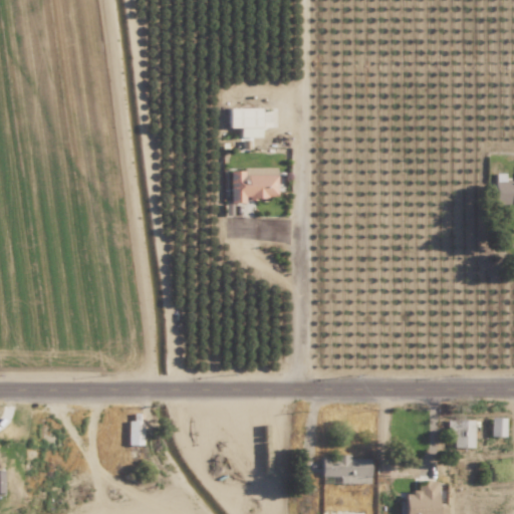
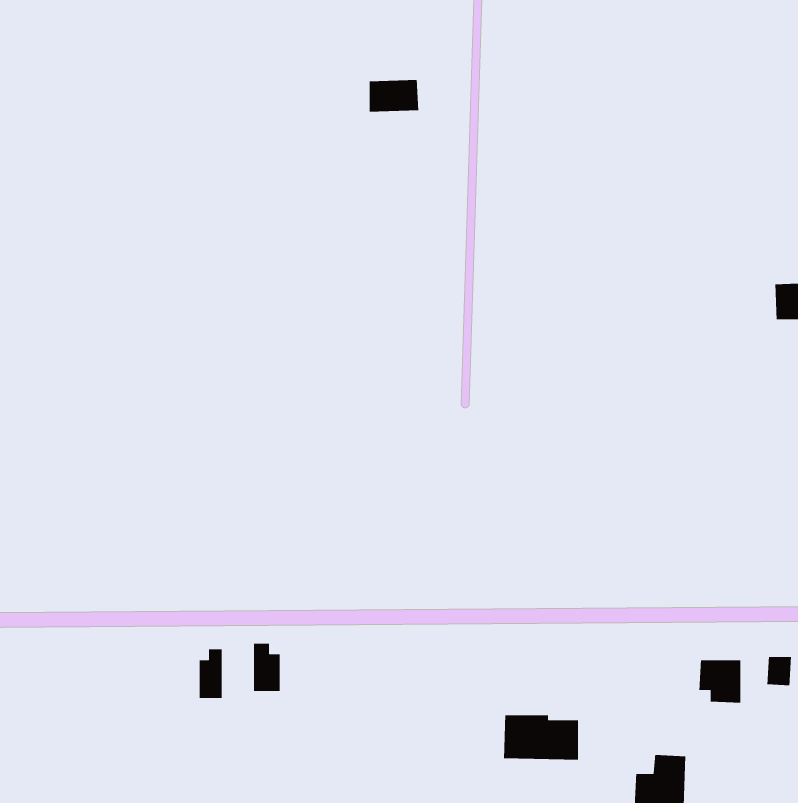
building: [232,108,264,130] -> [369,79,419,112]
building: [234,170,280,204] -> none
building: none -> [253,643,281,692]

